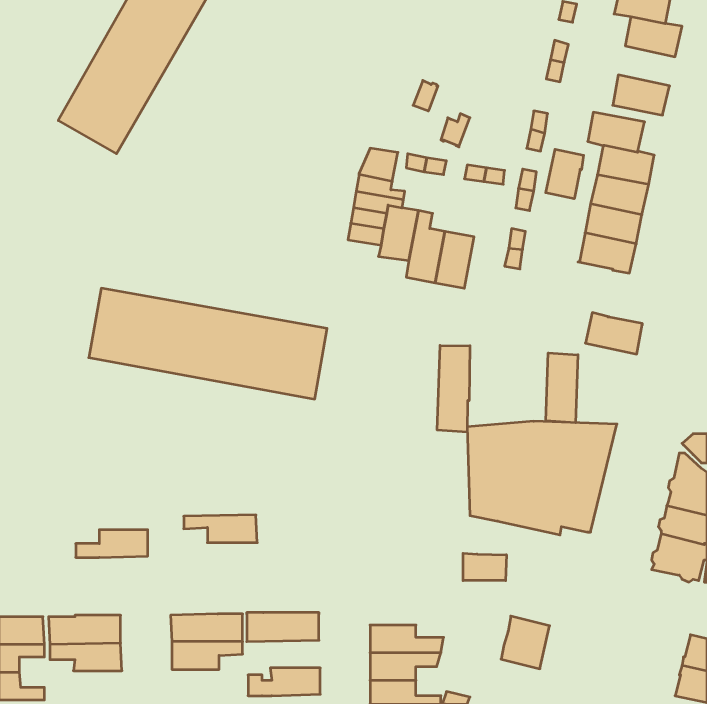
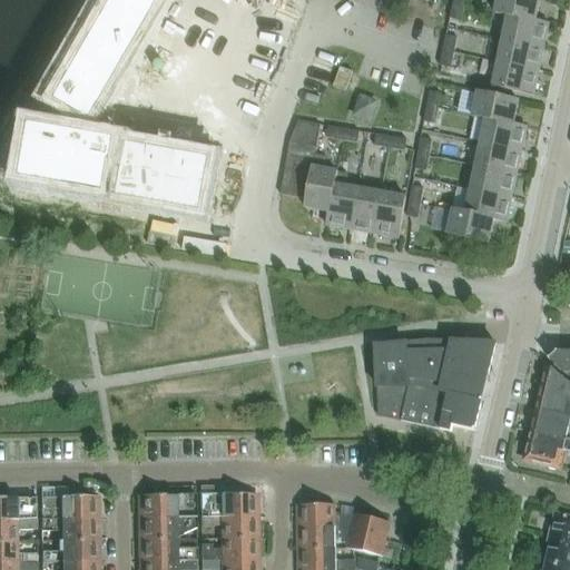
building: none -> [497,37,542,69]
building: [546,149,584,199] -> none
building: none -> [373,190,405,236]
building: [89,288,327,399] -> [20,125,212,214]
building: [585,313,642,354] -> [446,207,492,240]
building: [437,345,470,432] -> none
building: [546,353,578,423] -> none
building: [184,515,257,543] -> [198,514,257,537]
building: [76,530,148,557] -> [40,539,98,561]
building: [463,553,506,581] -> none
building: [501,616,550,669] -> [348,512,387,554]
building: none -> [138,538,195,560]

